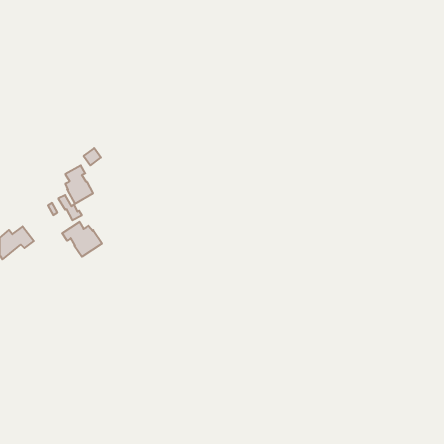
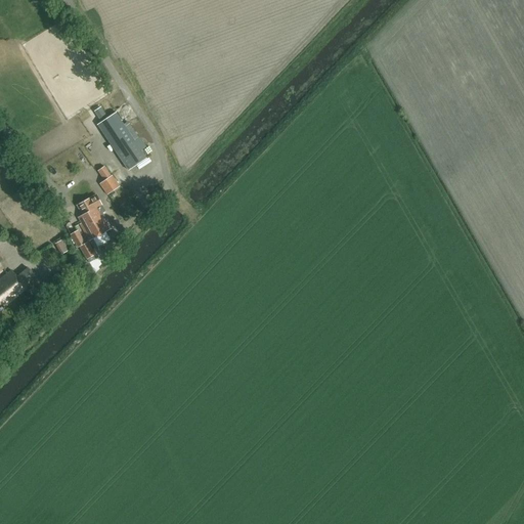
building: none -> [101,112,145,170]
building: [62,222,102,257] -> none

